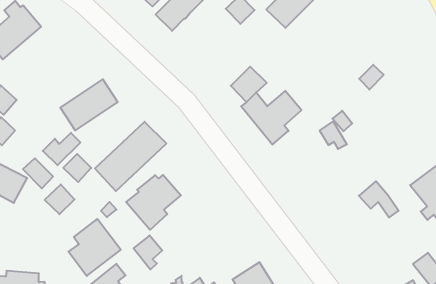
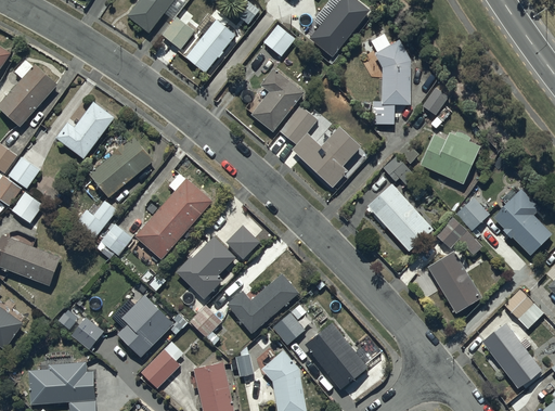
building: none -> [371,33,411,124]
building: none -> [250,67,306,132]
building: none -> [54,100,115,159]
building: none -> [420,129,479,183]
building: none -> [366,183,431,251]
building: [23,158,53,188] -> none
building: none -> [455,196,489,230]
building: none -> [224,223,259,258]
building: [45,184,75,214] -> [69,316,103,349]
building: none -> [427,251,481,312]
building: none -> [225,273,298,333]
building: none -> [271,312,304,345]

